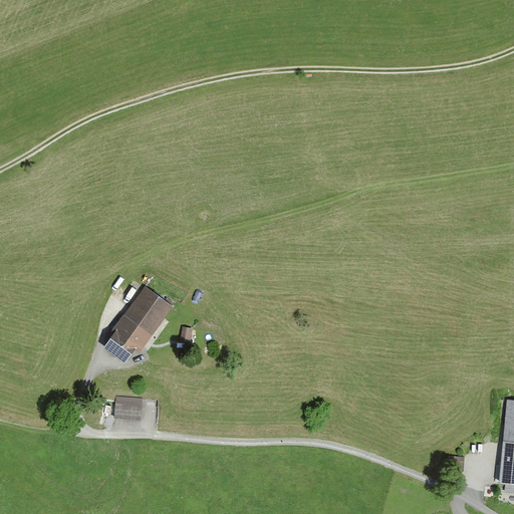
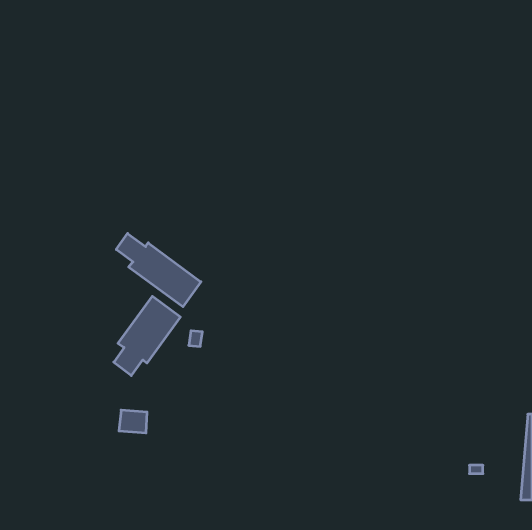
building: none -> [116,233,201,307]

